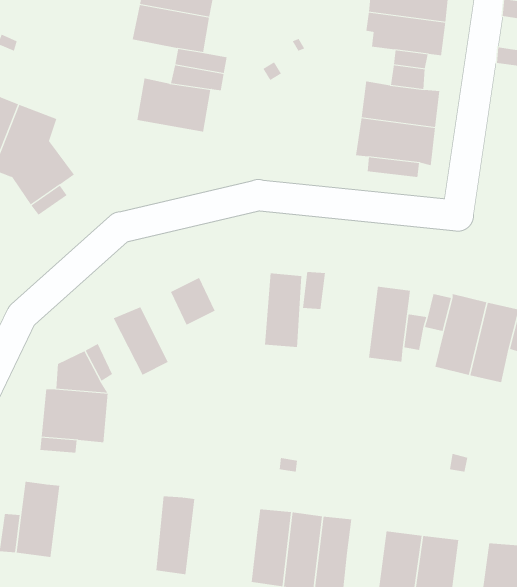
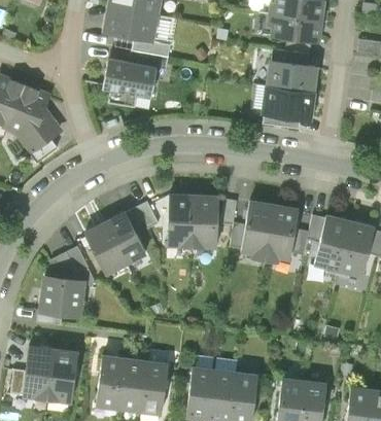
building: none -> [172,198,199,249]
building: none -> [244,205,274,258]
building: none -> [108,212,148,261]
building: none -> [45,348,76,401]
building: none -> [95,352,124,408]
building: none -> [140,357,166,413]

